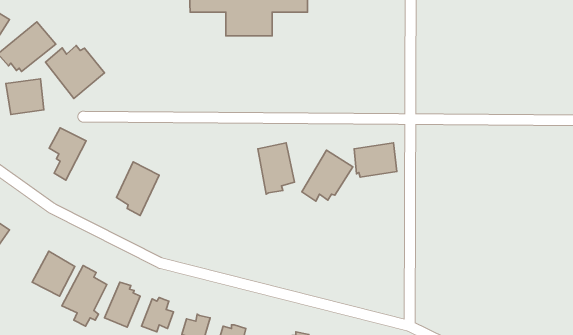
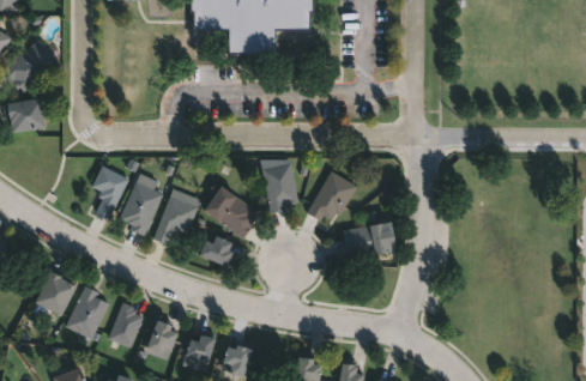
building: [45,45,105,99] -> none
building: [49,128,86,180] -> [91,165,128,218]
building: [354,143,397,177] -> [343,223,386,258]
building: none -> [203,180,256,238]
building: none -> [152,195,198,244]
building: none -> [199,235,235,267]

